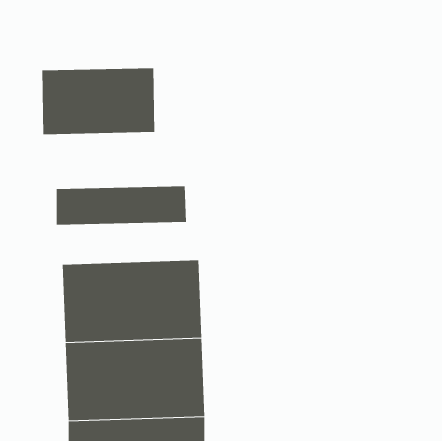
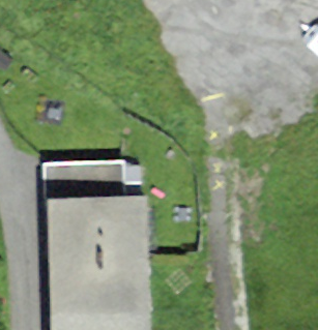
building: [42,67,155,135] -> none

